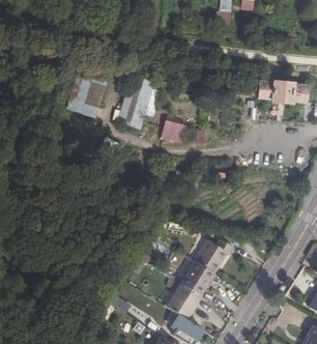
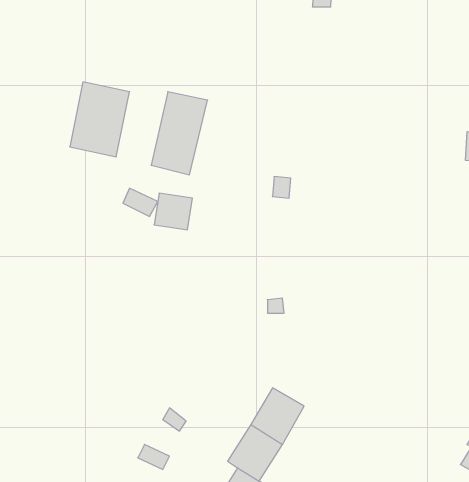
building: [259,81,307,103] -> none
building: [161,119,184,142] -> [154,193,192,230]
building: [194,238,233,273] -> none

